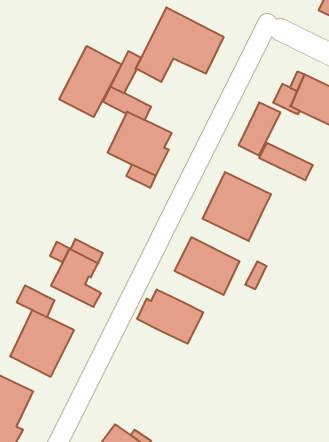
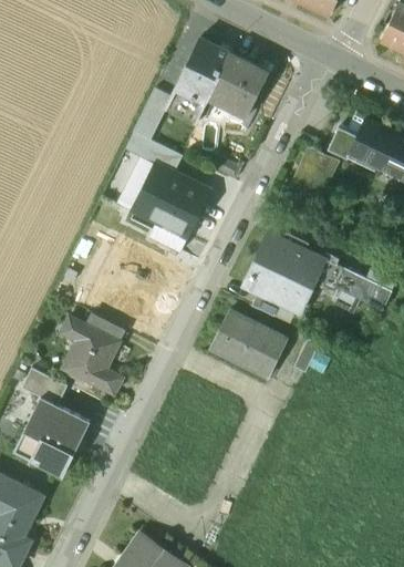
building: [59,46,121,117] -> none
building: [259,143,313,180] -> [317,259,381,303]
building: [137,289,203,344] -> none

